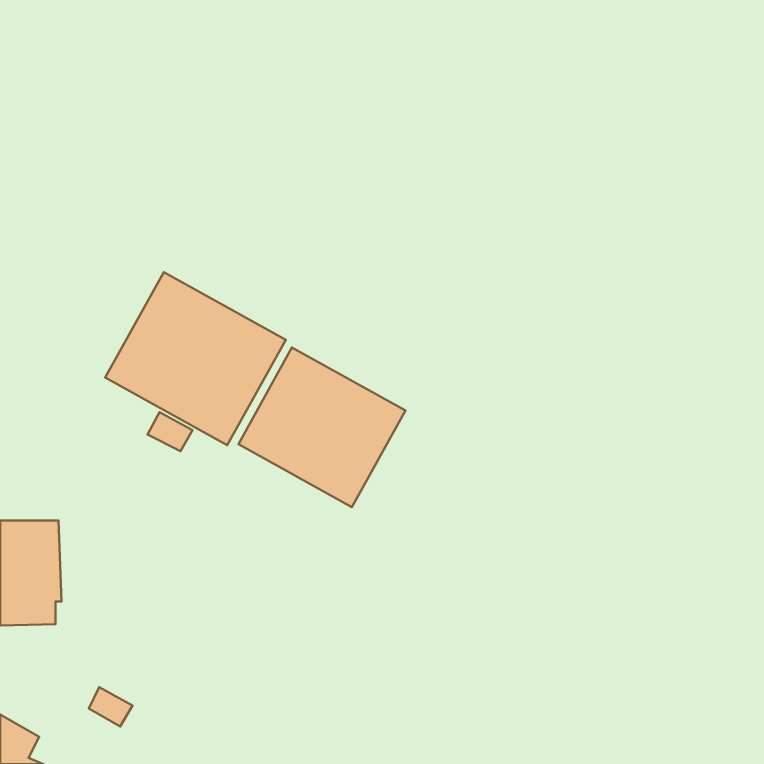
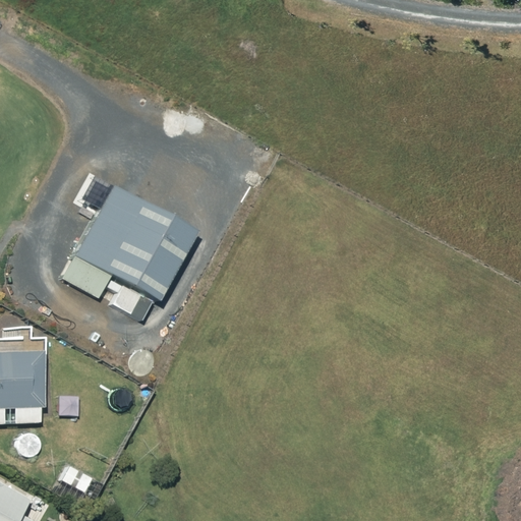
building: [238,347,405,507] -> none

